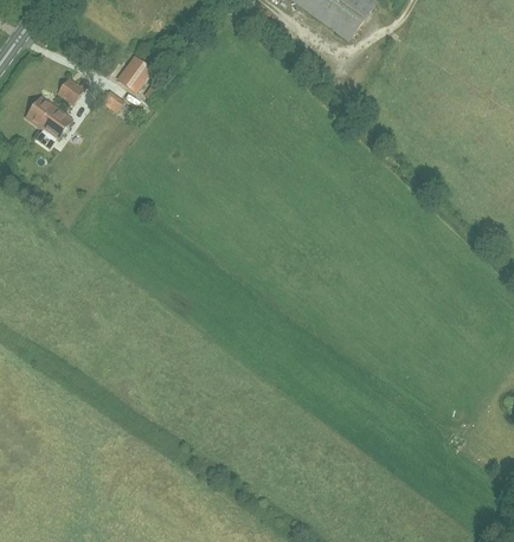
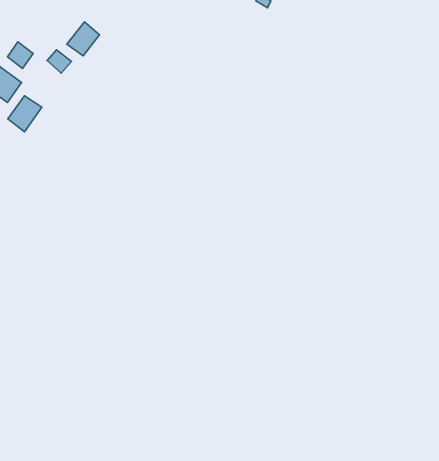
building: none -> [8,96,42,132]

